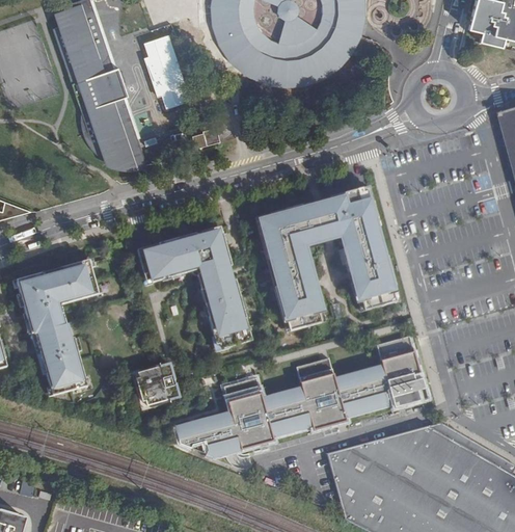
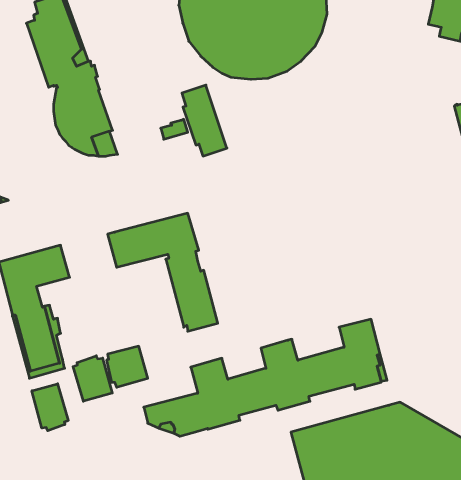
building: [144,34,191,108] -> [182,85,227,156]
building: [254,191,395,336] -> none
building: none -> [73,356,112,401]
building: none -> [32,384,68,431]

